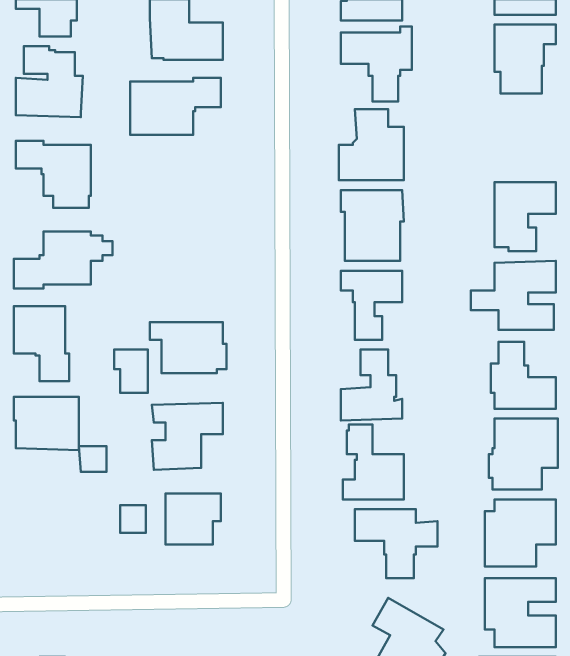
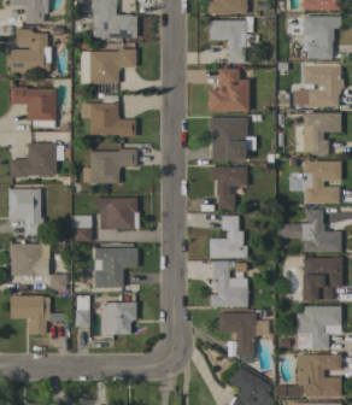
building: none -> [304,64,344,106]
building: none -> [81,102,136,136]
building: none -> [83,148,137,183]
building: none -> [10,295,49,334]

